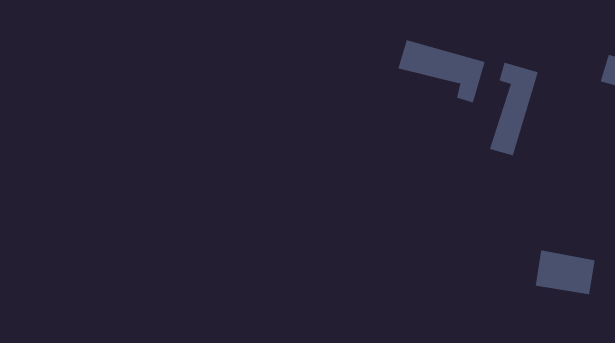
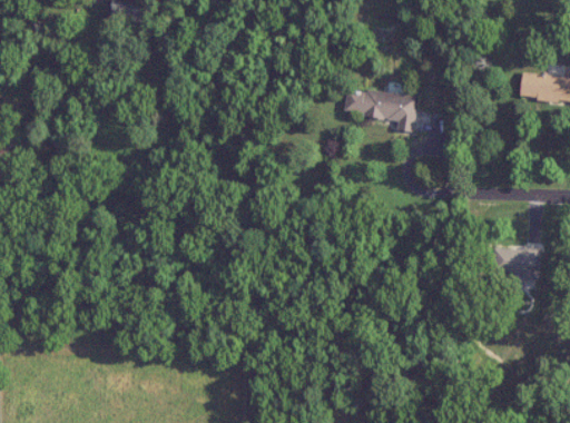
building: [489,62,539,156] -> none

